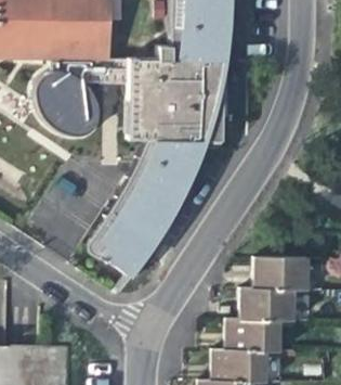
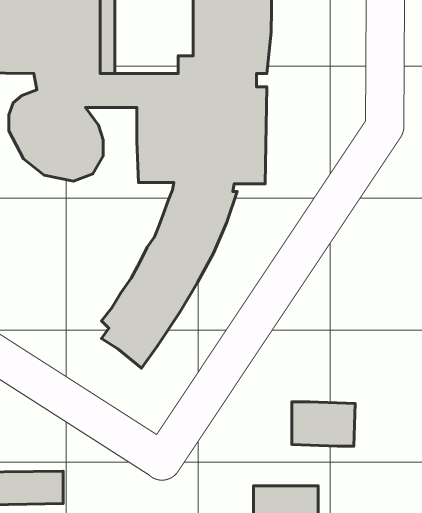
building: [90,137,156,259] -> none
building: [255,268,303,299] -> none
building: [228,330,276,361] -> none

